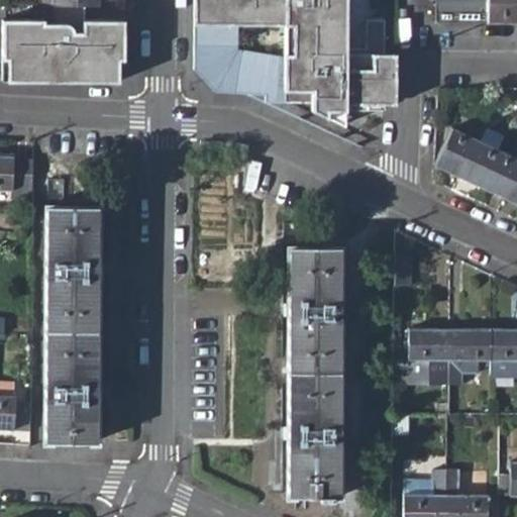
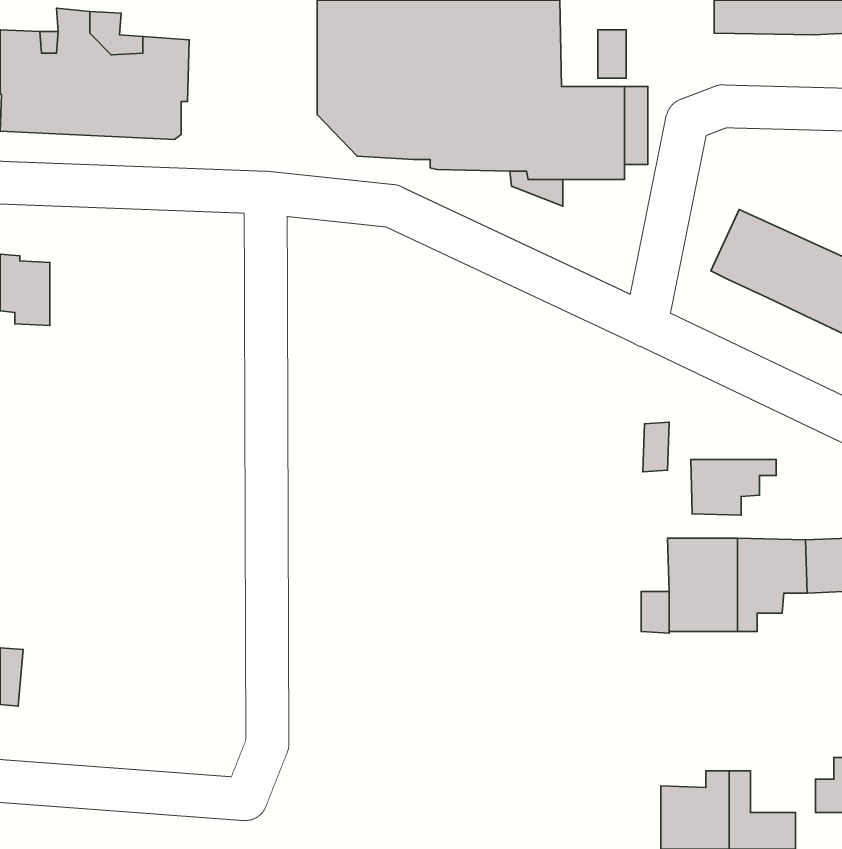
building: [47,206,100,440] -> none
building: [291,246,341,500] -> none
building: none -> [691,460,776,515]

